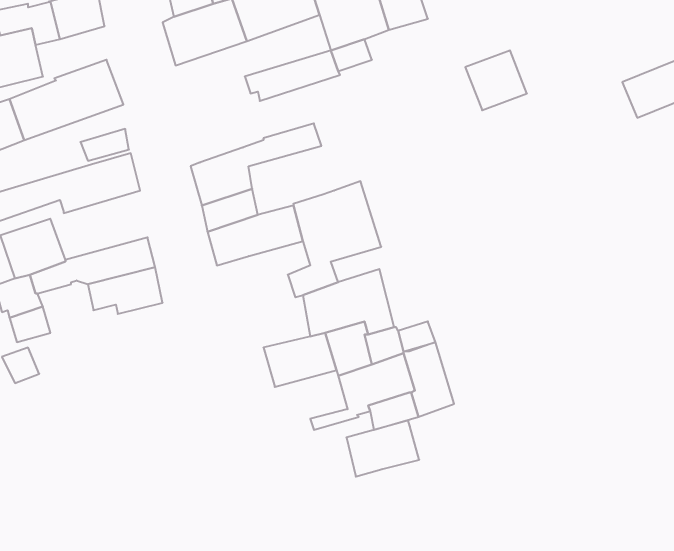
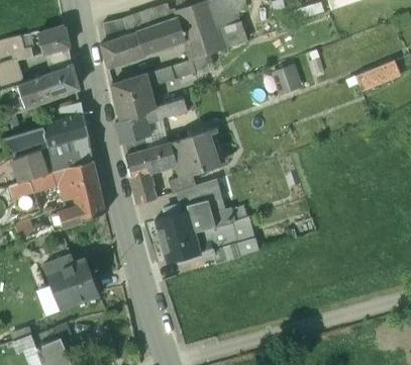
building: none -> [112,73,156,119]
building: none -> [39,134,93,172]
building: none -> [130,170,156,204]
building: none -> [49,195,106,232]
building: none -> [43,257,100,310]
building: [346,421,419,477] -> [162,232,201,262]

